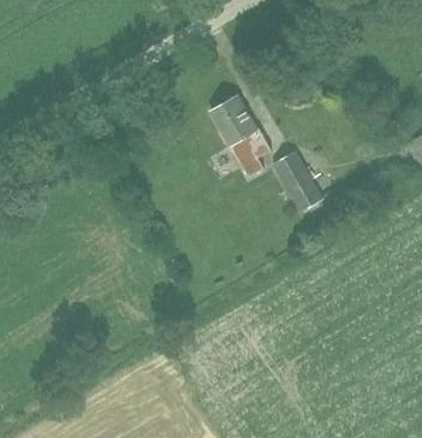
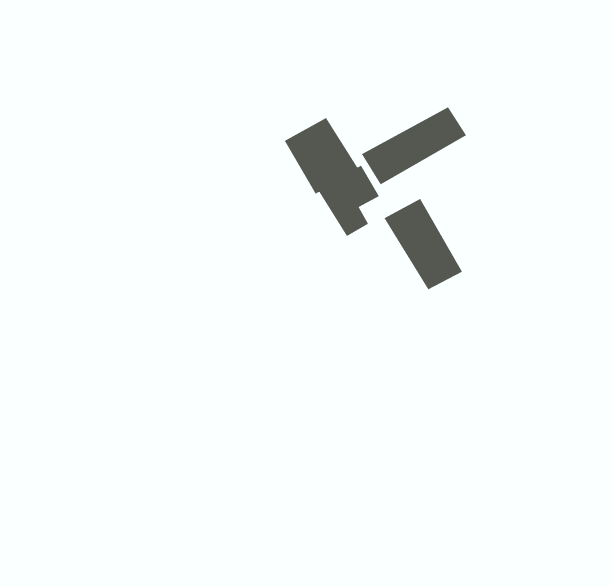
building: none -> [361,106,467,185]

